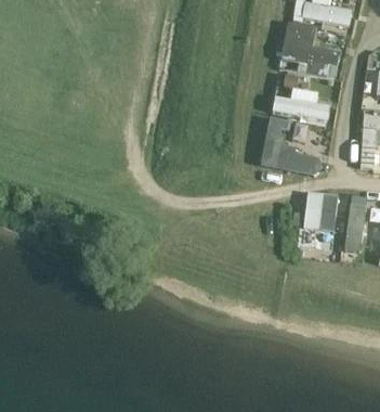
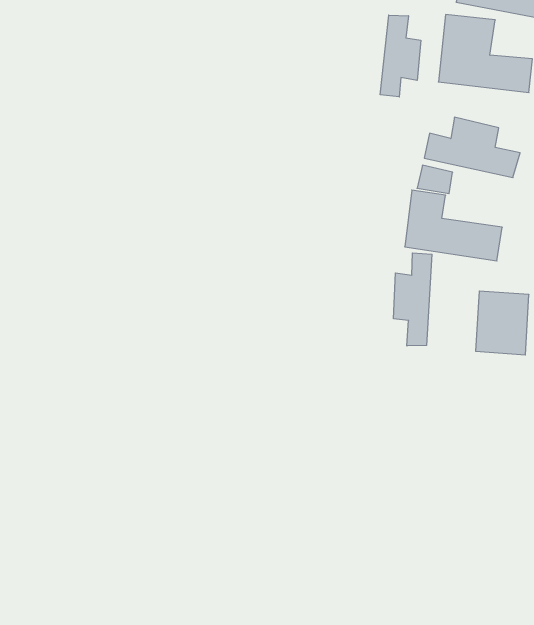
building: none -> [380,15,421,97]
building: none -> [394,253,432,346]

